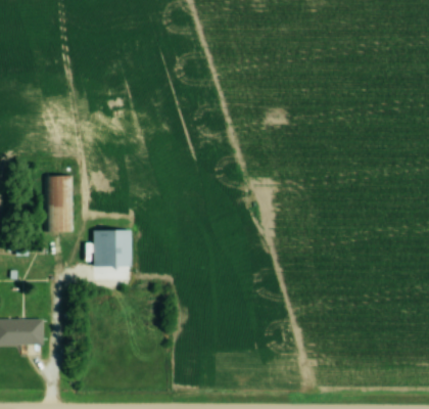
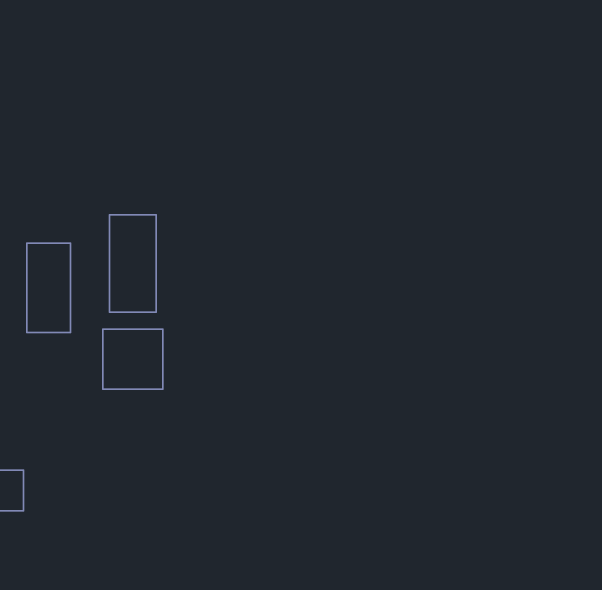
building: none -> [109,215,156,312]

